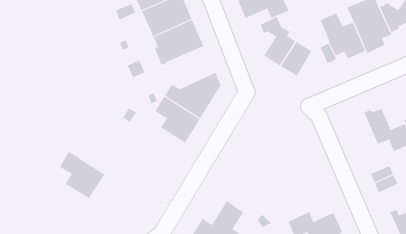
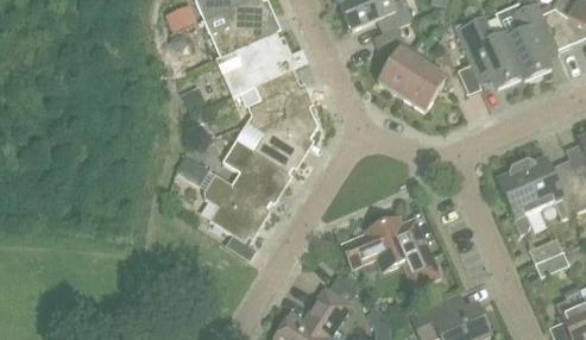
building: none -> [240,68,309,128]
building: none -> [497,162,538,233]
building: none -> [341,215,436,273]
building: [60,151,105,199] -> [202,172,266,240]

